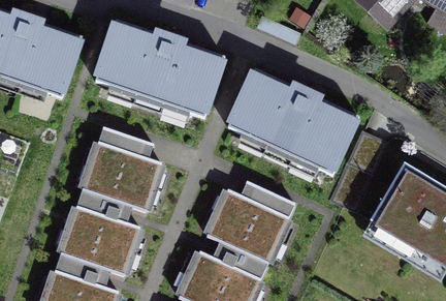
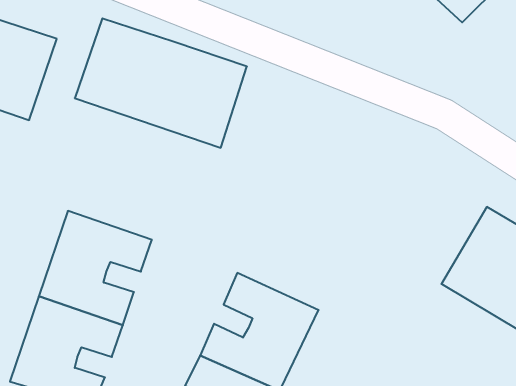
building: [226,69,357,175] -> none
building: [89,126,160,187] -> none
building: [216,185,293,240] -> none

